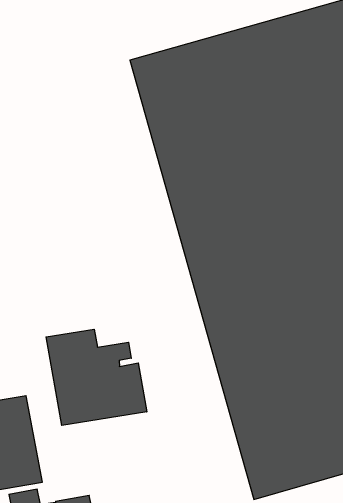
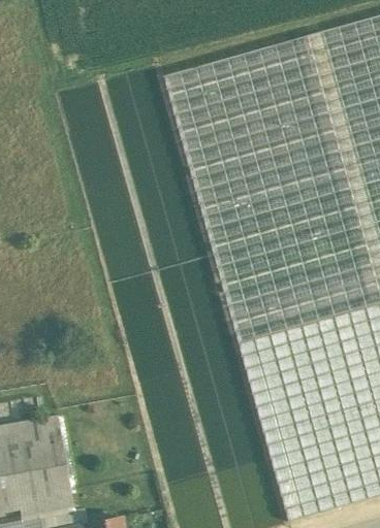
building: [46,329,147,425] -> none

